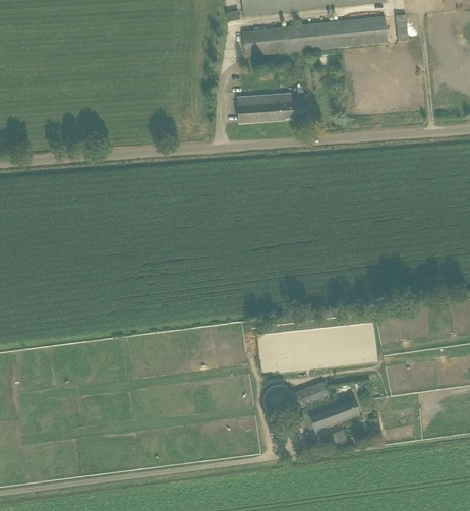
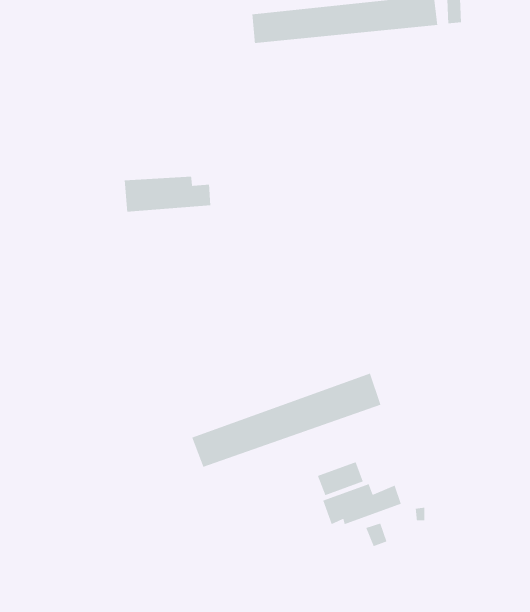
building: [237,93,305,121] -> [124,176,211,212]
building: none -> [191,373,381,468]

